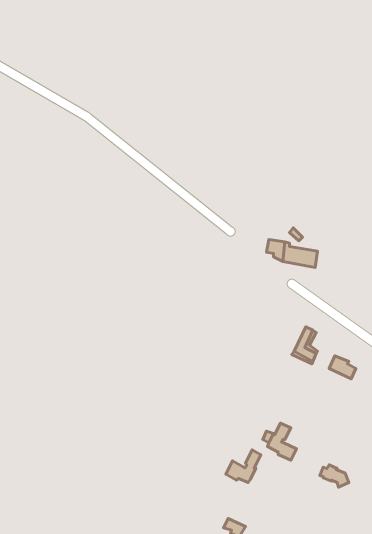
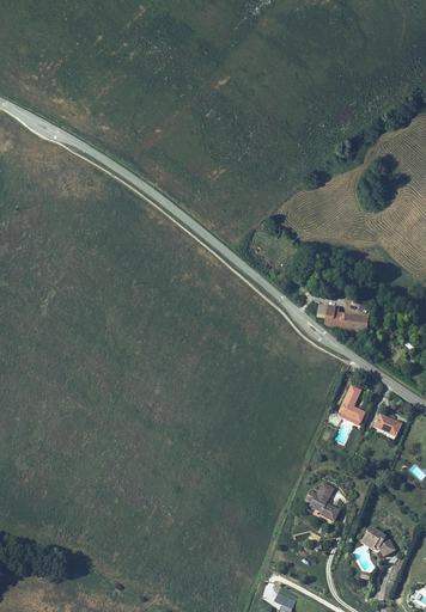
building: [226,450,261,483] -> none

